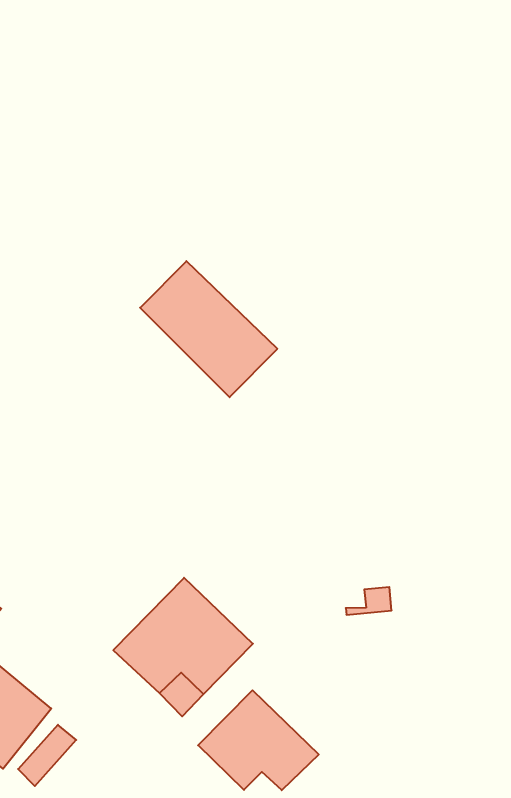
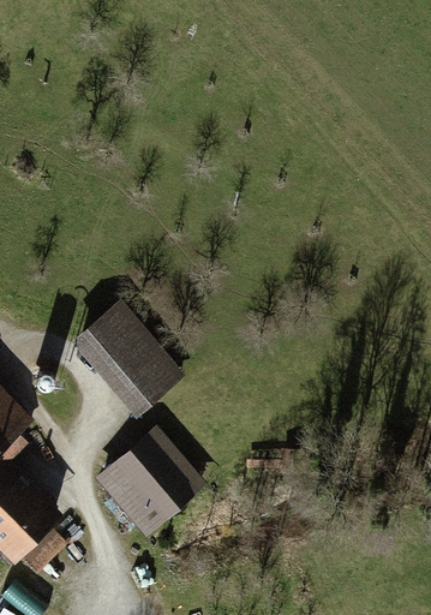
building: [140,261,277,397] -> [83,308,178,407]
building: [198,690,319,790] -> none

